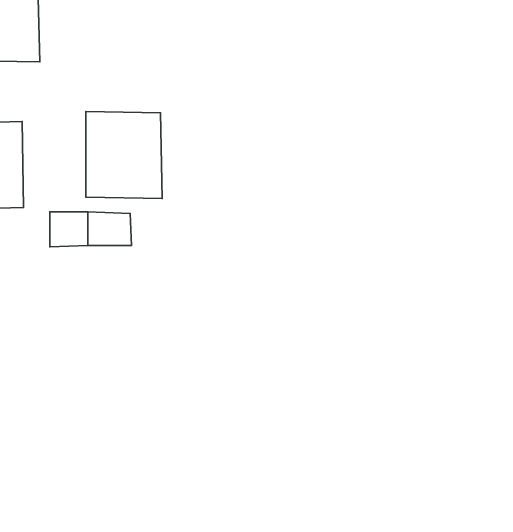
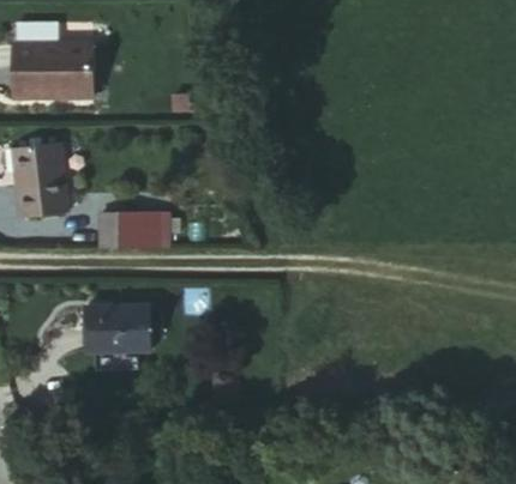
building: [86,112,162,198] -> none
building: none -> [94,309,163,355]

